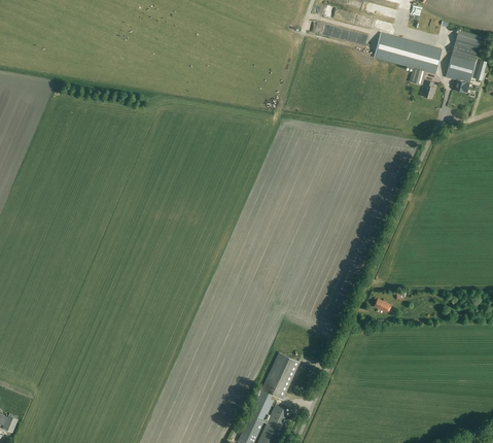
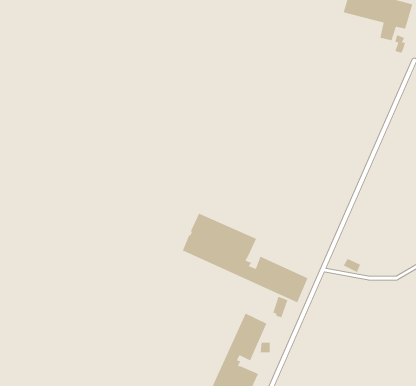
building: none -> [182,213,308,303]

